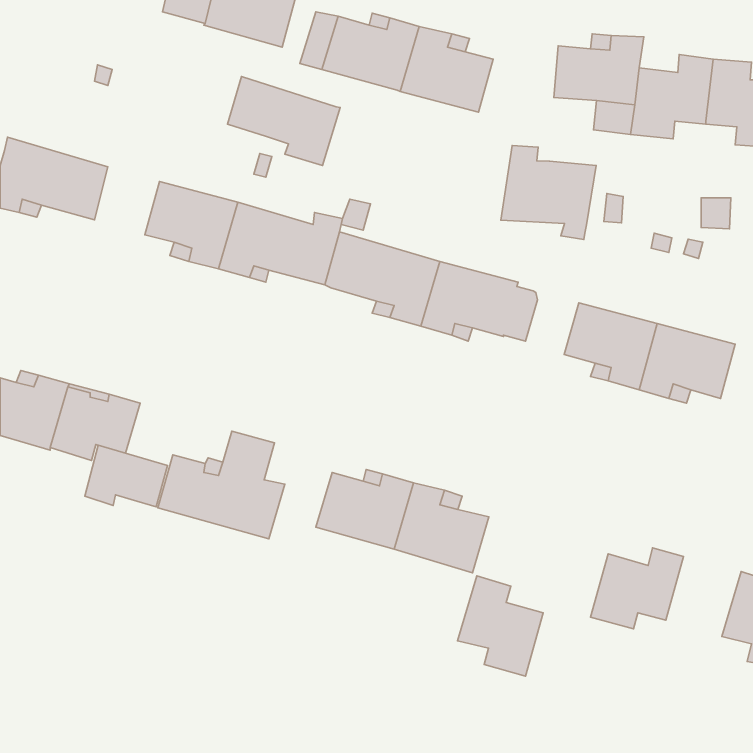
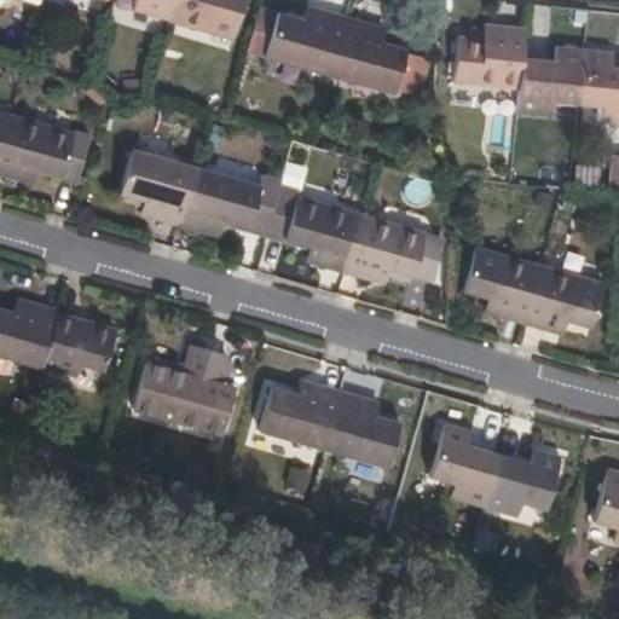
building: [227,76,340,165] -> none
building: [501,145,596,240] -> none
building: [85,445,168,507] -> none
building: [458,576,543,676] -> [429,423,499,505]

